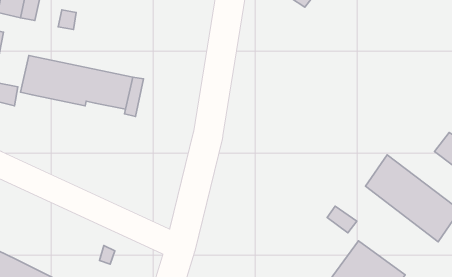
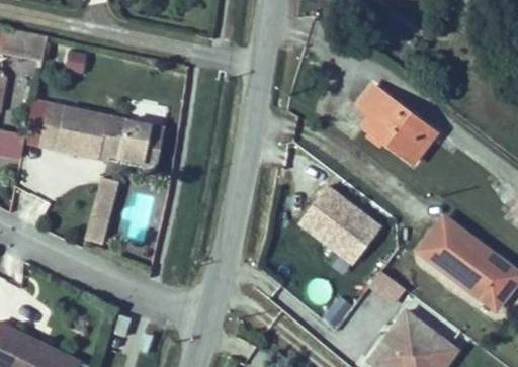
building: none -> [355,86,433,162]
building: none -> [82,178,119,243]
building: none -> [298,184,382,262]

